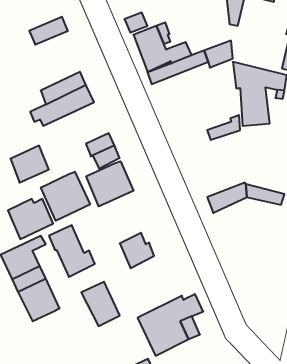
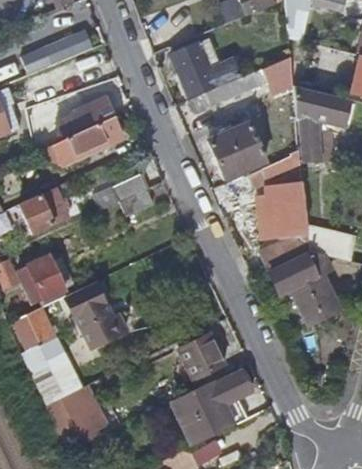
building: none -> [208,121,266,178]
building: none -> [267,188,300,222]
building: [86,161,134,206] -> none
building: [41,172,90,221] -> none
building: none -> [270,254,339,326]
building: [120,233,154,268] -> [180,335,222,378]
building: [81,282,120,326] -> [48,389,95,443]

